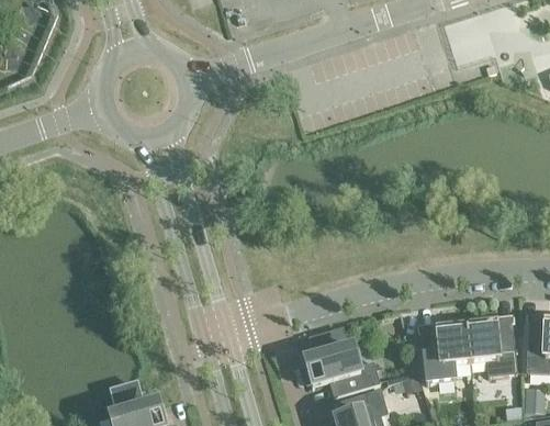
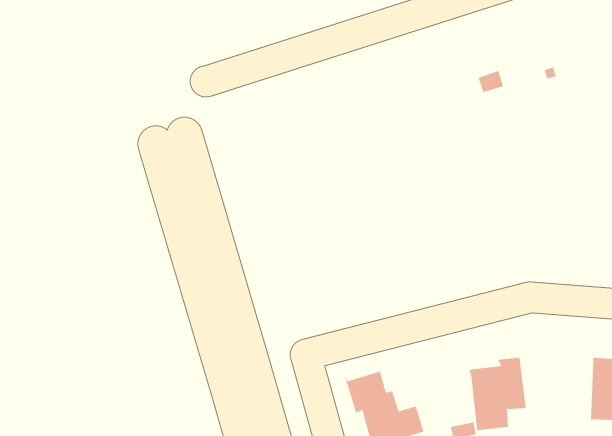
building: [465,316,518,377] -> none

